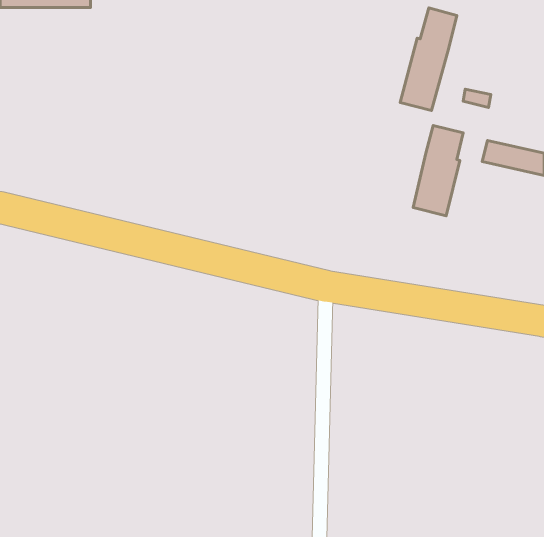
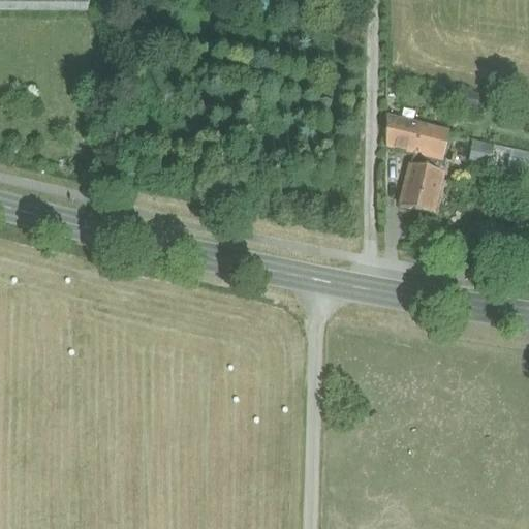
building: [400,8,457,110] -> none
building: none -> [385,113,421,149]

